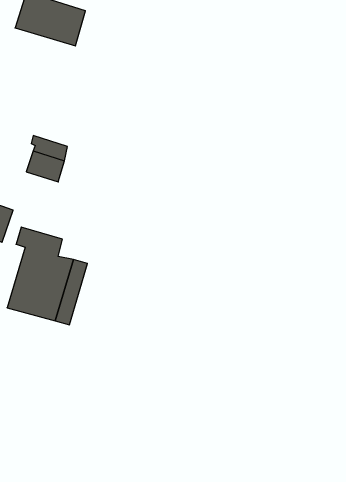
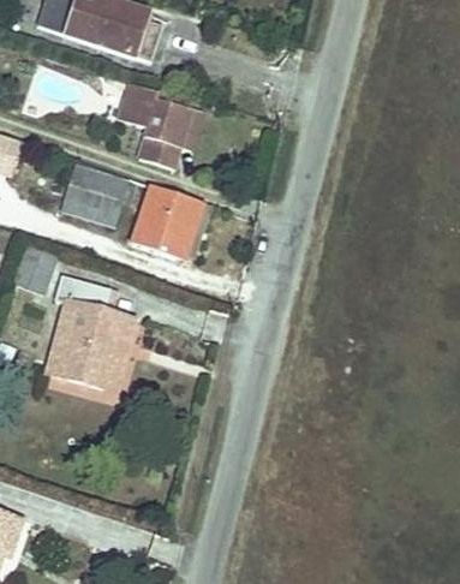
building: none -> [120,79,195,168]
building: none -> [127,181,197,263]

